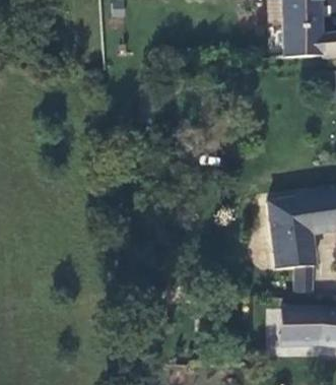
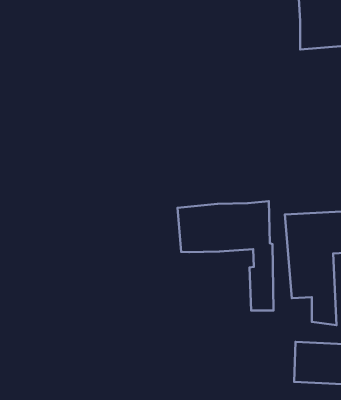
building: none -> [178,201,273,311]

